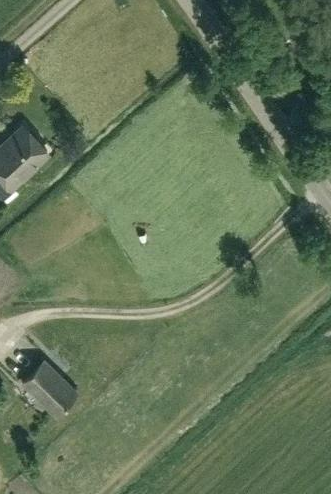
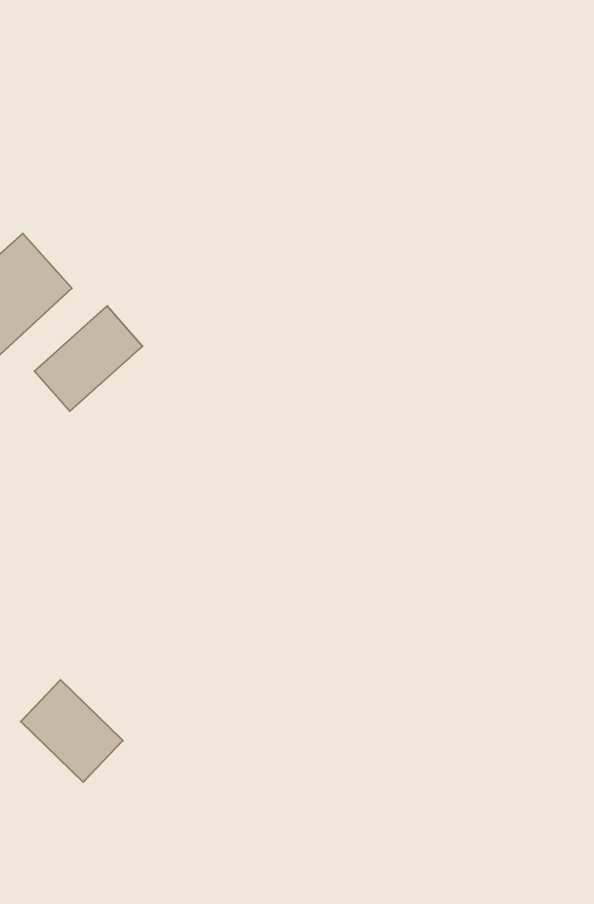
building: none -> [34,306,143,411]

